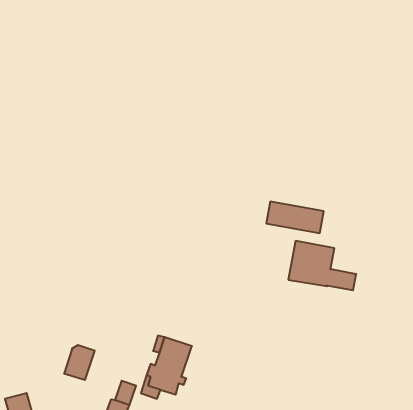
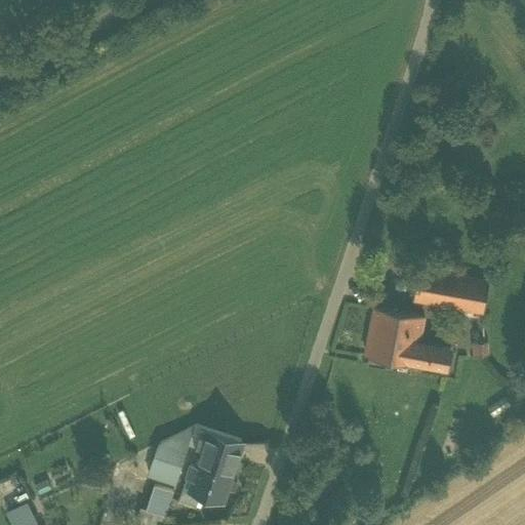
building: [266,202,324,233] -> [414,274,487,314]
building: [64,345,95,380] -> [148,442,187,486]

